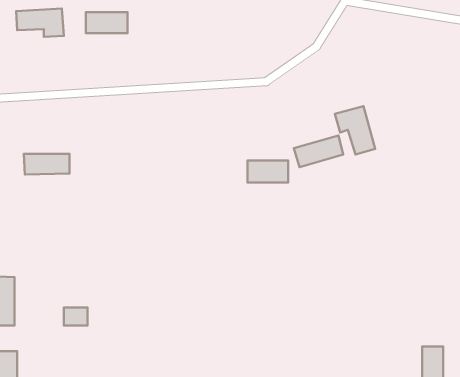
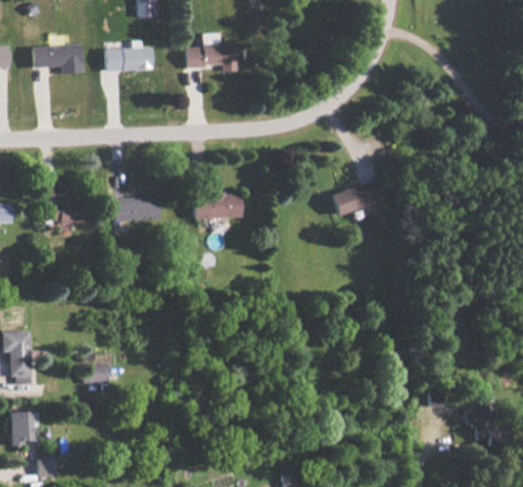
building: none -> [186,44,236,69]
building: [335,106,375,155] -> none
building: none -> [114,198,158,221]
building: [247,161,288,183] -> [198,194,242,217]

